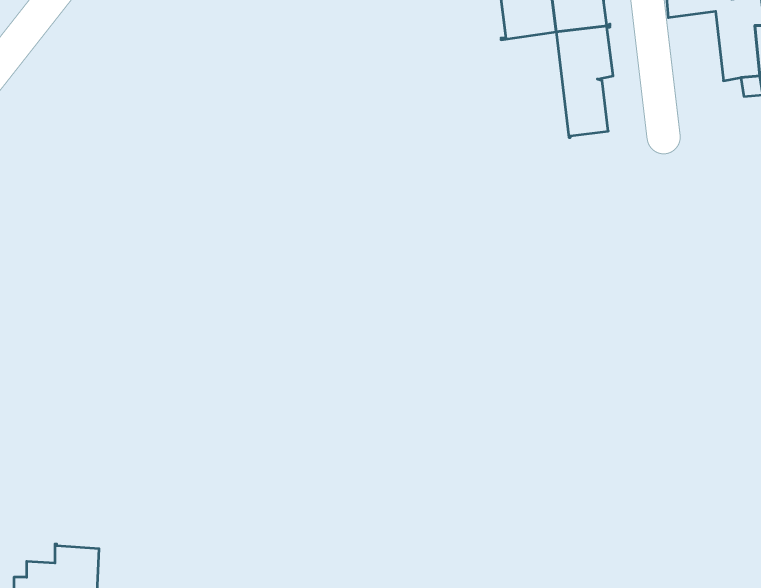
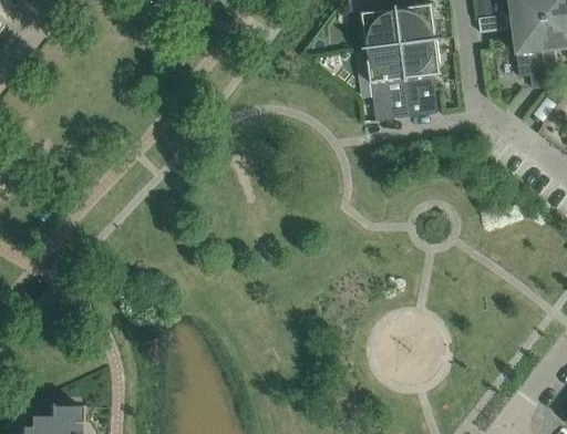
building: none -> [362,41,410,118]

